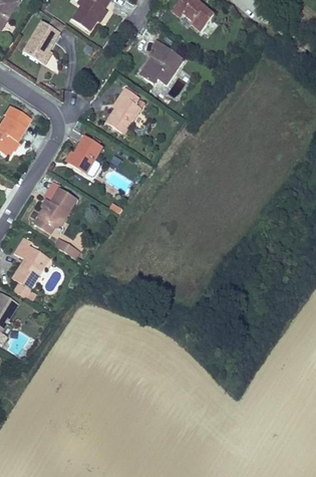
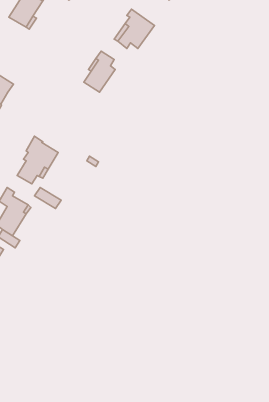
building: [65,133,105,173] -> none

